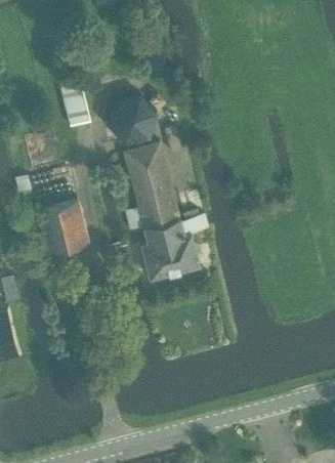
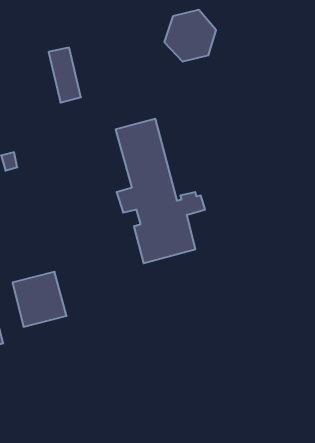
building: [108,95,157,144] -> [164,10,216,62]
building: [38,203,89,255] -> [13,272,67,327]

